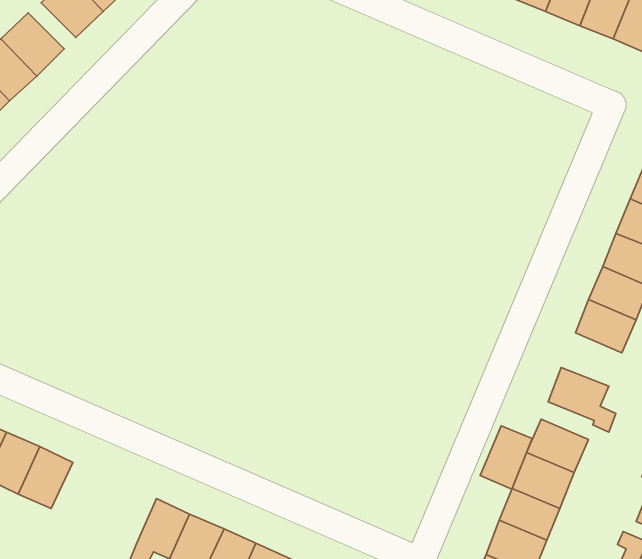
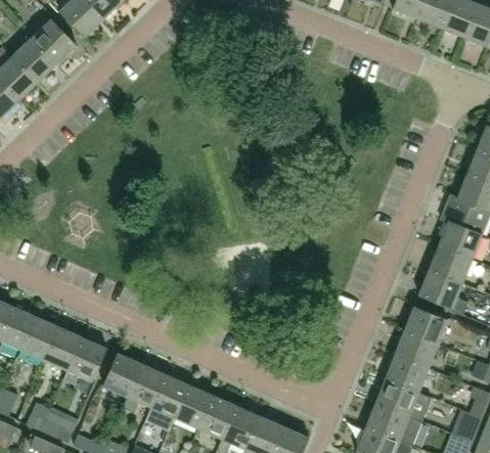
building: none -> [429,245,472,283]
building: [480,426,532,489] -> none
building: none -> [62,337,105,386]
building: none -> [102,353,141,396]

